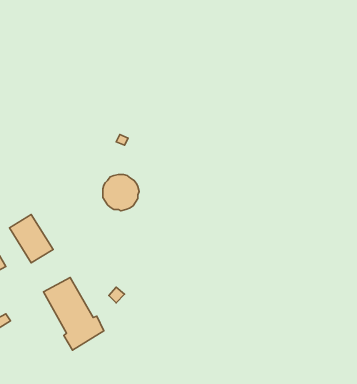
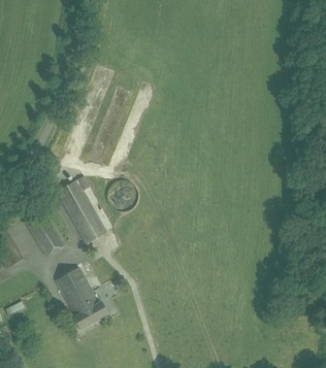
building: none -> [56,175,106,243]

